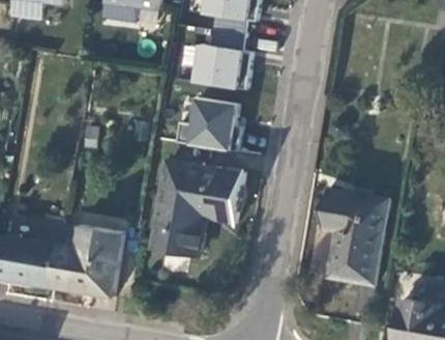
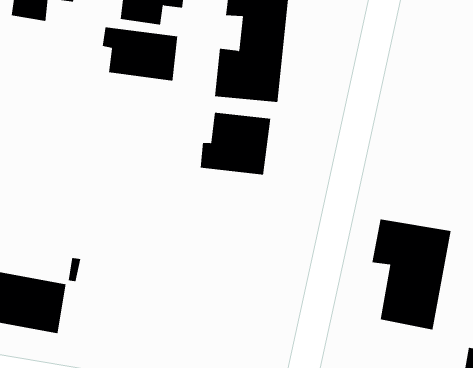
building: none -> [102,26,178,81]
building: [157,163,247,253] -> none
building: [55,225,126,298] -> none

